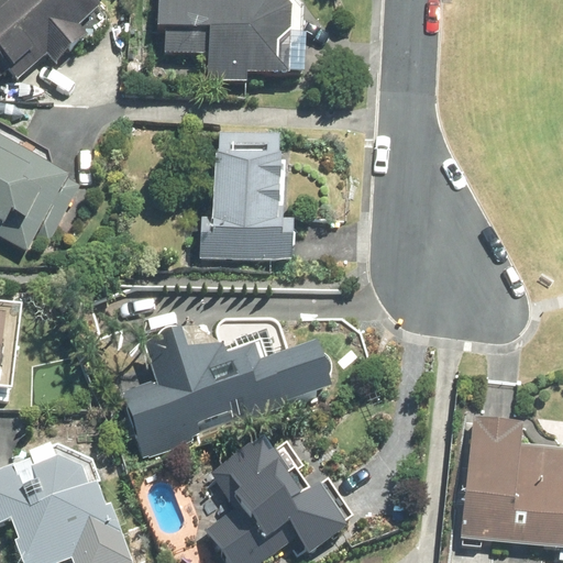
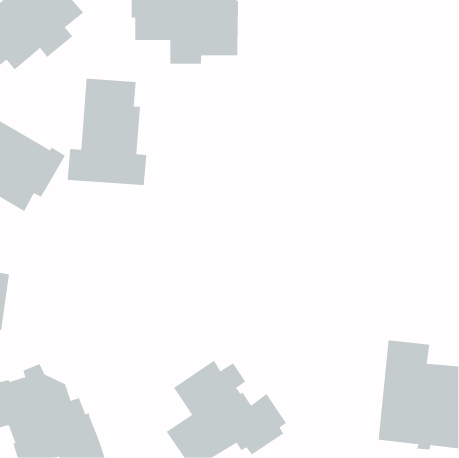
building: [199,140,297,271] -> [67,78,147,186]
building: [122,327,329,454] -> none

